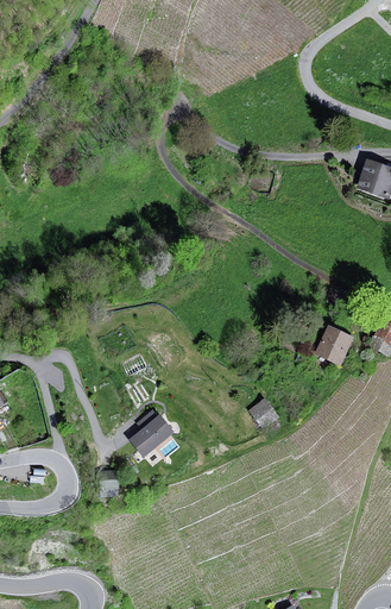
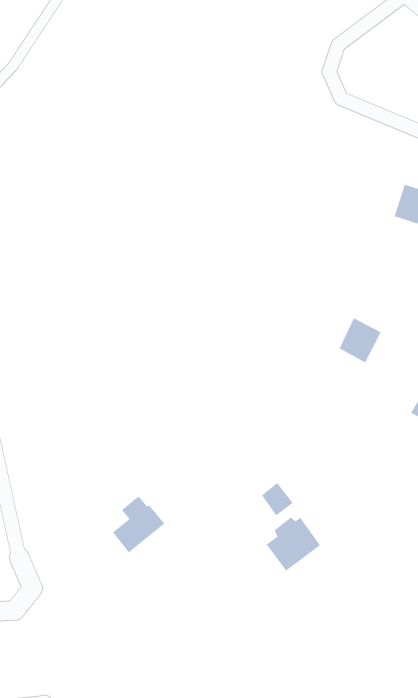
building: [317,327,352,364] -> [339,317,382,363]
building: none -> [266,517,321,571]

